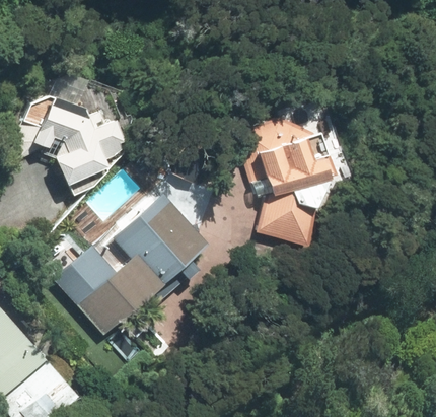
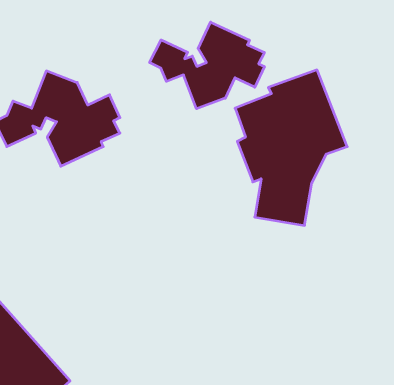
building: none -> [150,22,264,109]
building: [56,193,209,337] -> none

